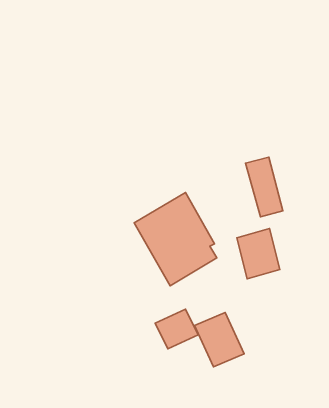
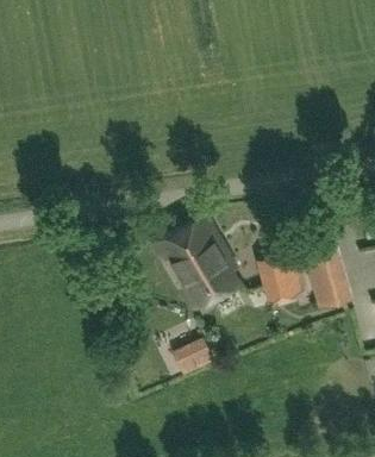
building: [245,157,283,217] -> [304,248,342,308]
building: [195,313,244,367] -> none

